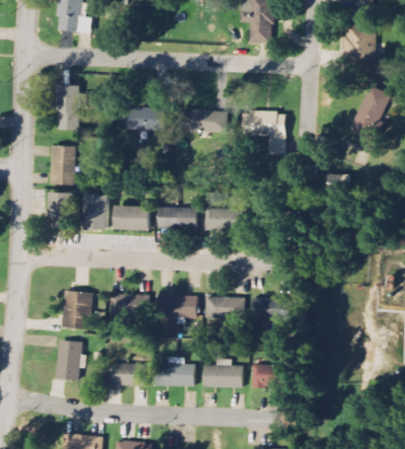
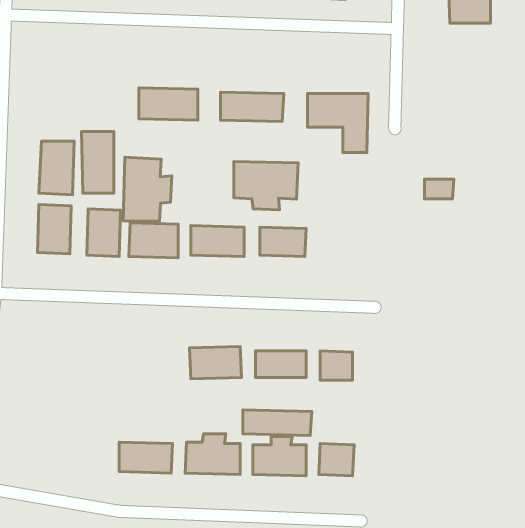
building: [56,85,79,130] -> [81,131,114,193]
building: [349,85,391,140] -> none
building: none -> [123,157,172,221]
building: none -> [234,161,298,210]
building: [63,291,92,328] -> none
building: [111,293,149,313] -> none
building: [57,340,86,380] -> none
building: none -> [243,410,312,435]

